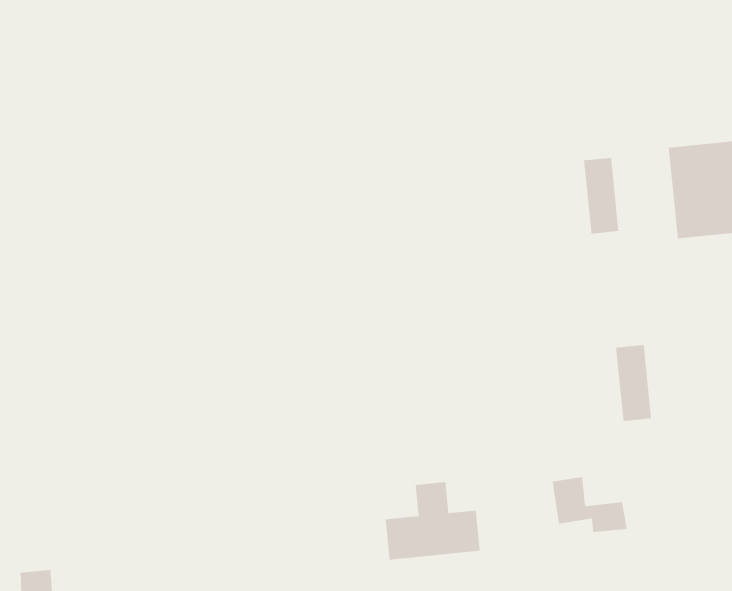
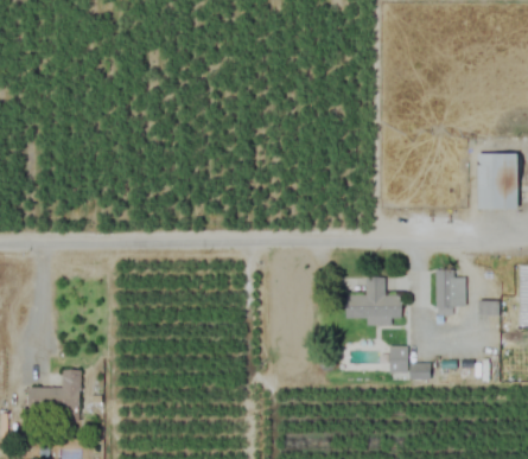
building: [584,157,619,234] -> none
building: [385,482,481,560] -> [345,276,401,320]

